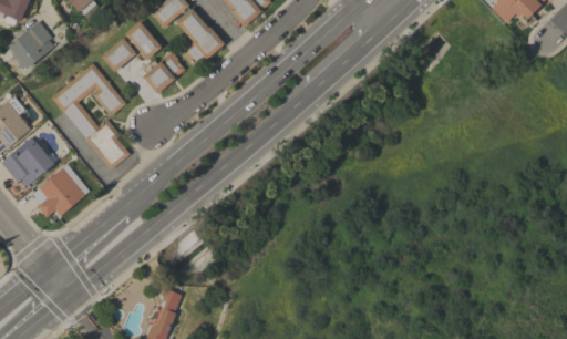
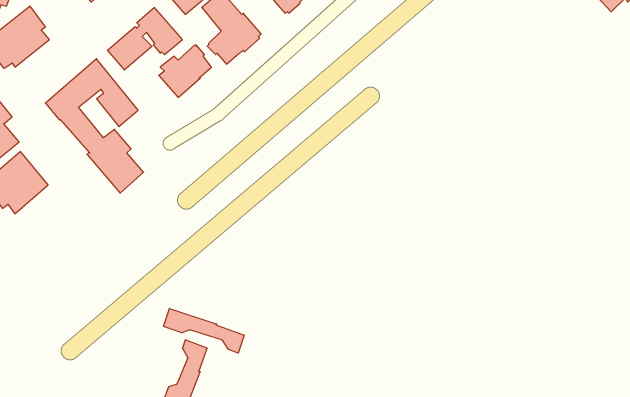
building: [30,164,89,217] -> none
building: none -> [164,308,244,353]

